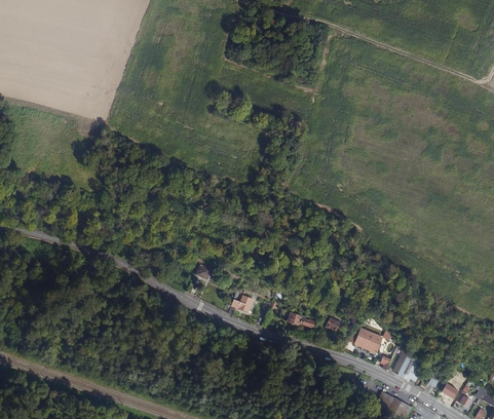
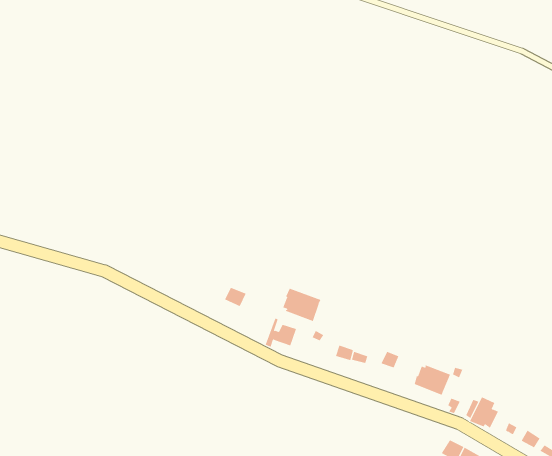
building: none -> [283,288,321,322]

